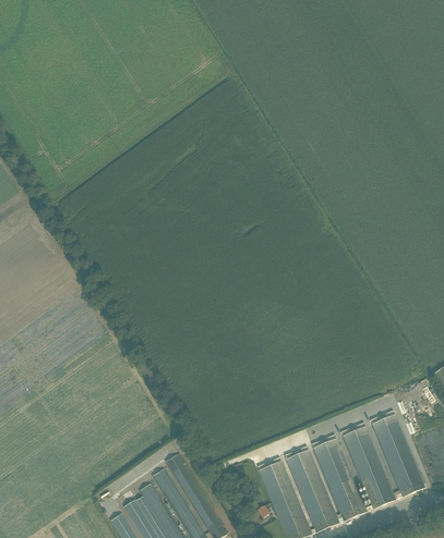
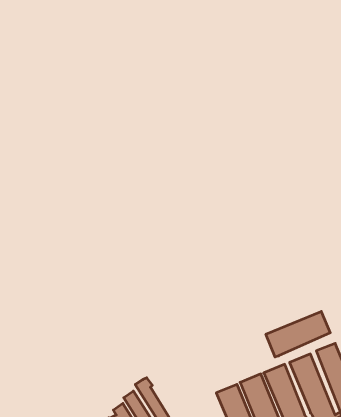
building: none -> [266,311,330,357]

